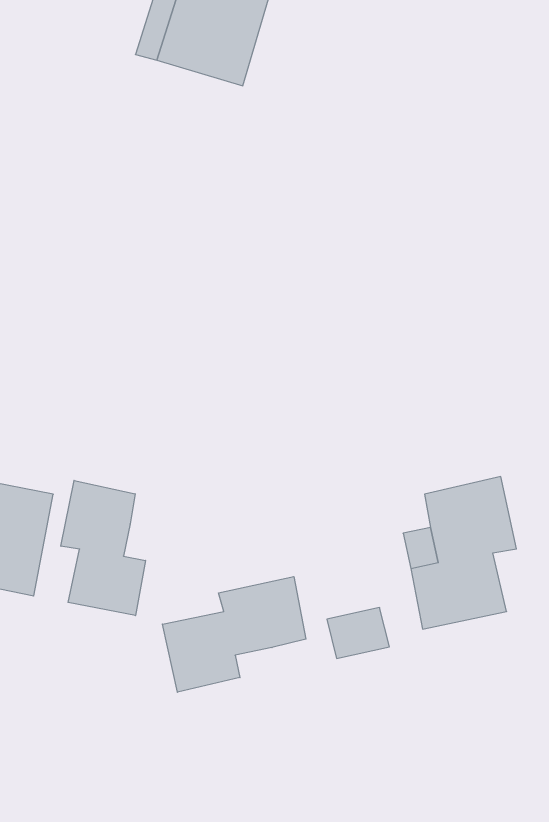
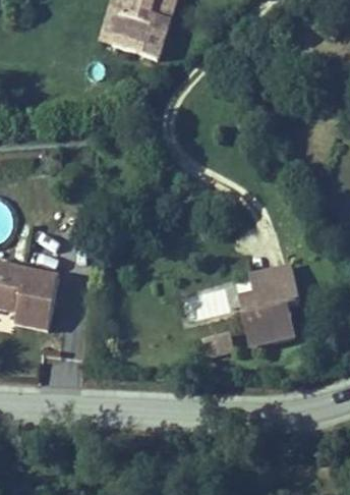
building: [61,480,145,616] -> none
building: [162,577,306,692] -> none

